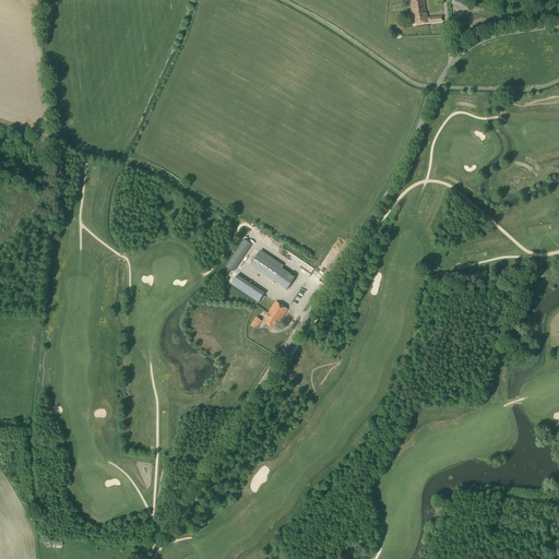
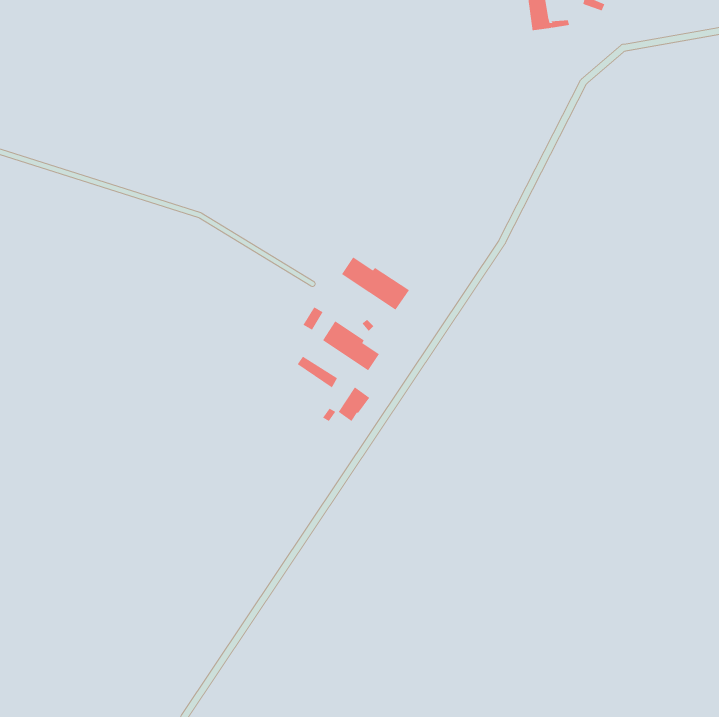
building: none -> [341,256,410,310]

